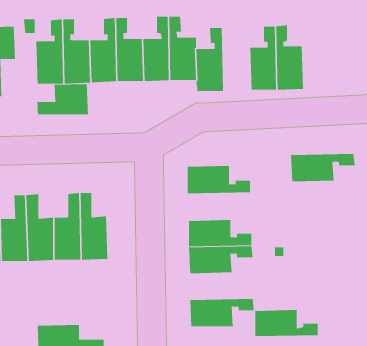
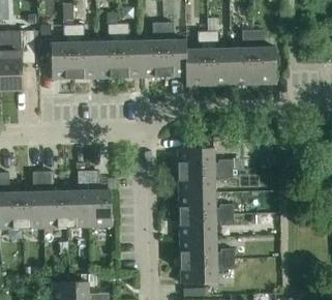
building: none -> [208,30,232,85]
building: [37,84,88,115] -> none
building: [290,154,355,182] -> [178,170,233,193]
building: [255,310,319,337] -> [180,237,234,260]

